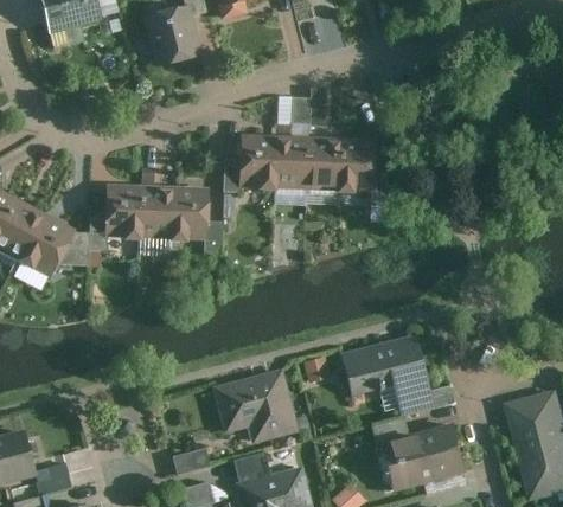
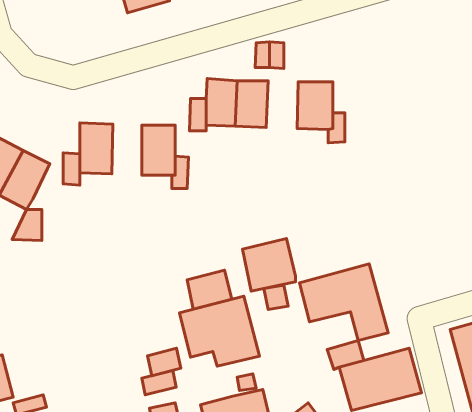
building: [306,139,340,190] -> none
building: [141,185,173,239] -> none
building: [57,232,89,265] -> [12,210,42,241]
building: none -> [242,239,295,291]
building: none -> [187,270,232,309]
building: [235,454,270,483] -> [148,348,181,376]

